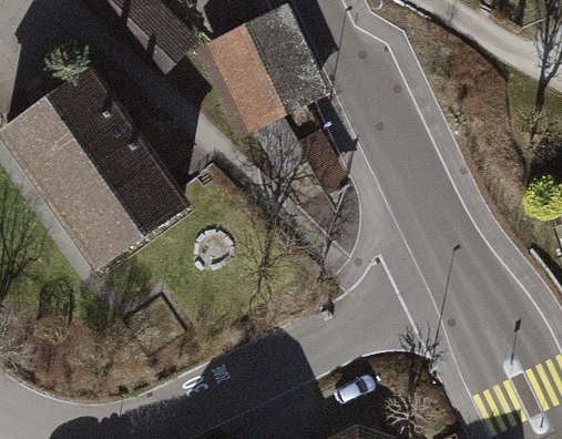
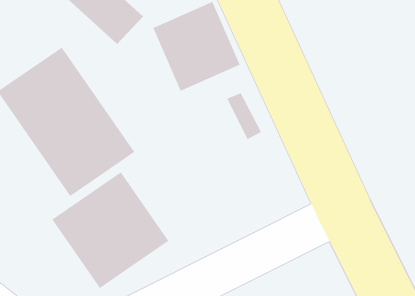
building: none -> [51,172,169,289]

